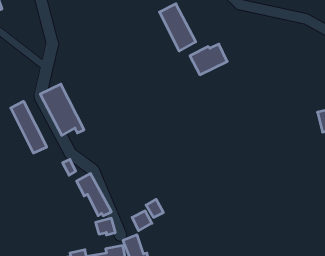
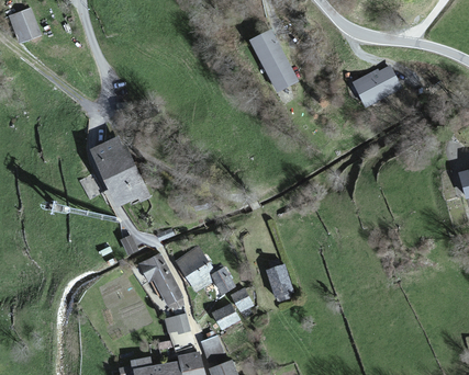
building: [190,44,227,75] -> [350,66,400,106]
building: [11,101,47,153] -> none
building: none -> [174,246,235,294]
building: none -> [266,264,292,298]

